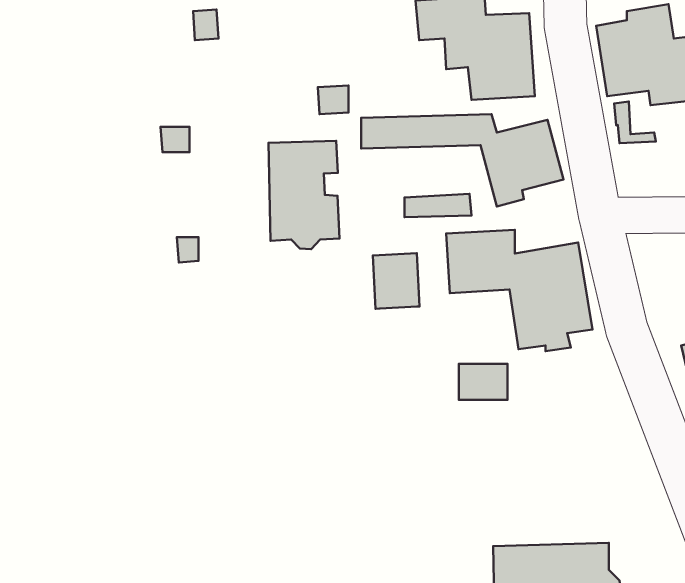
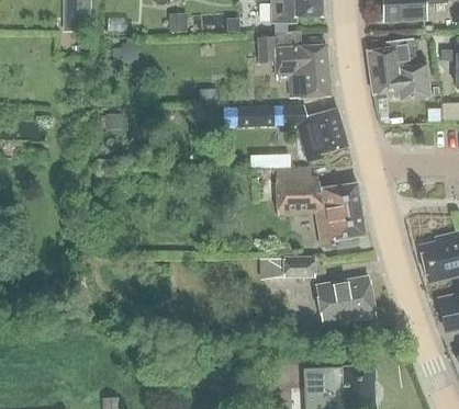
building: [269,141,340,249] -> none
building: [373,253,420,309] -> none
building: none -> [316,275,373,322]

